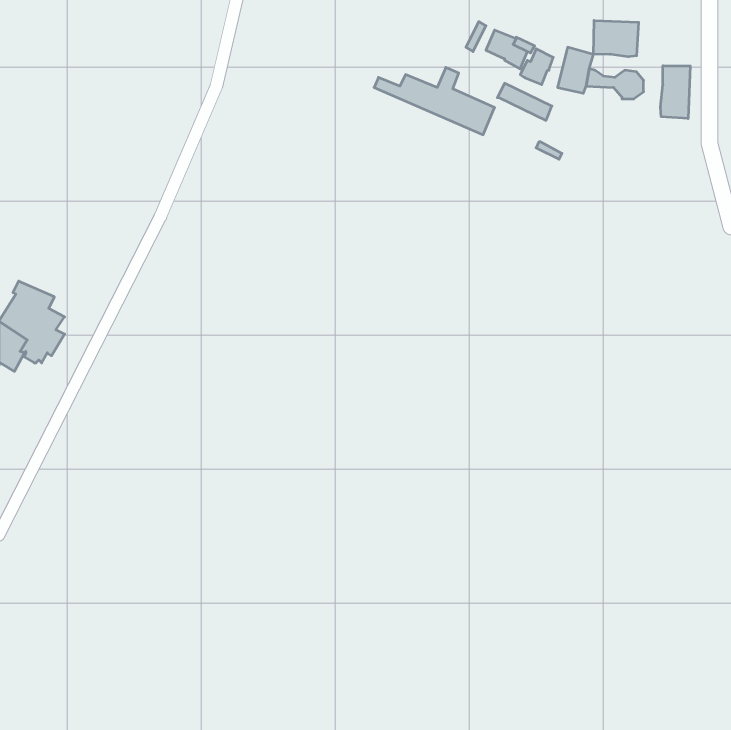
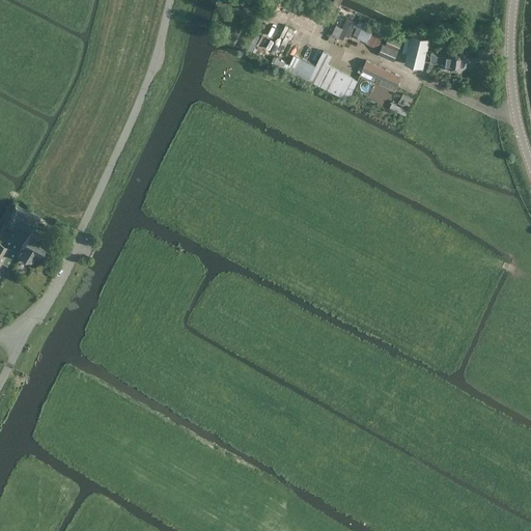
building: [593,20,639,57] -> none
building: [661,66,690,119] -> none

